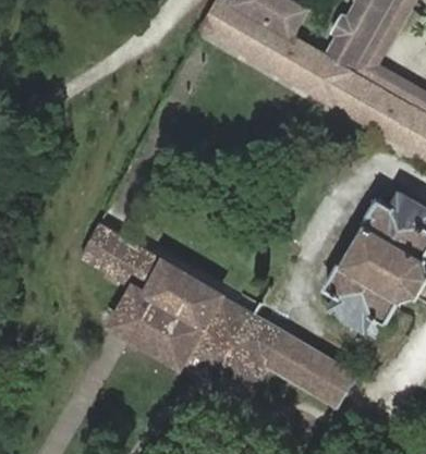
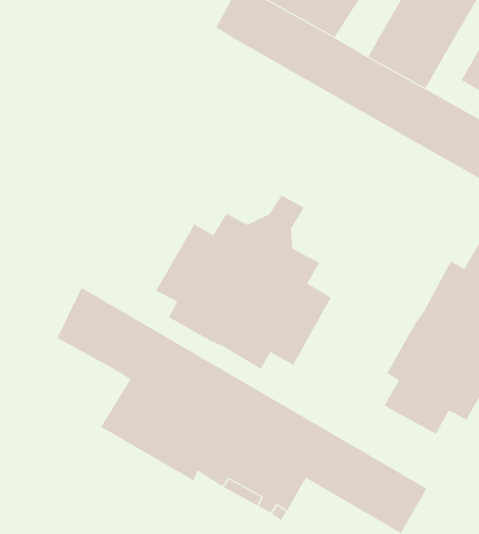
building: none -> [156,195,332,370]

